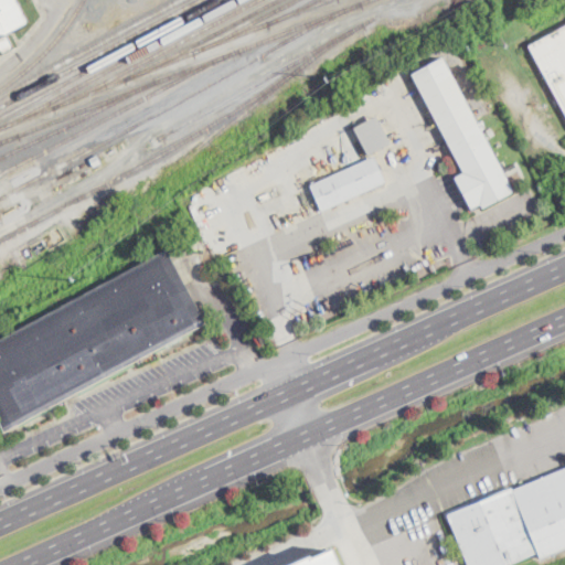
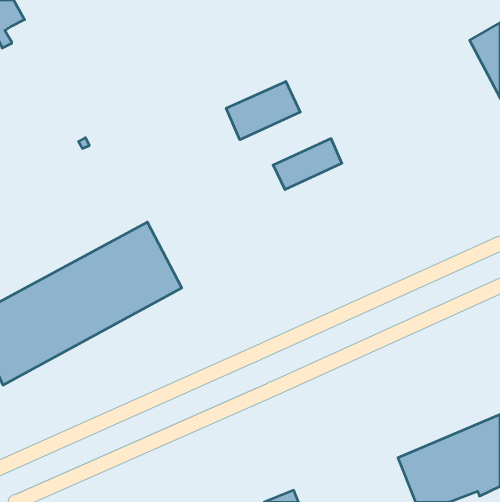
building: [409,56,513,210] -> none
building: none -> [226,81,300,140]
building: [353,115,388,153] -> none

